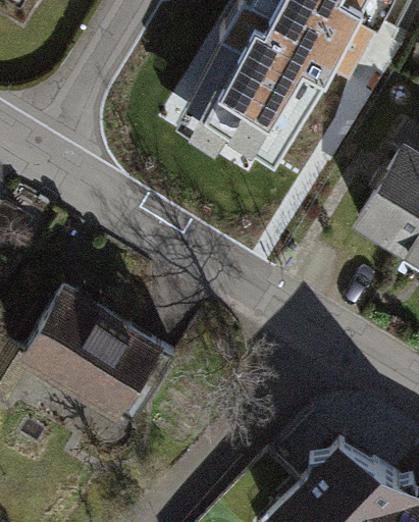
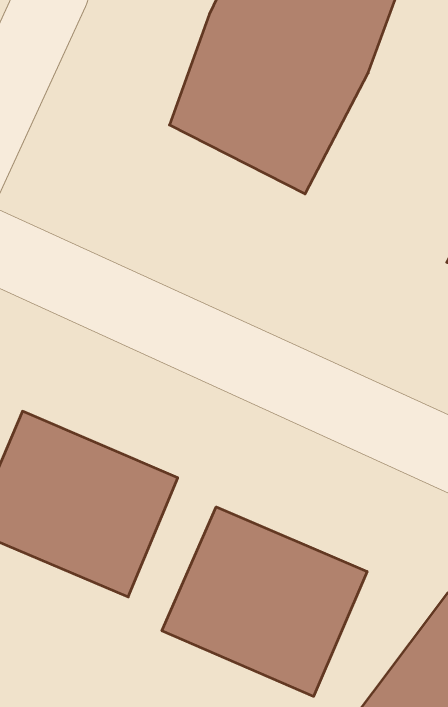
building: none -> [162,507,367,696]

